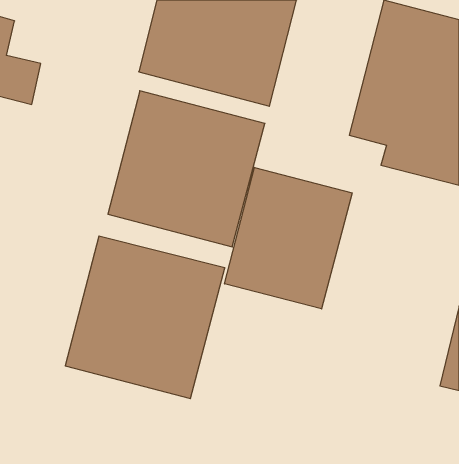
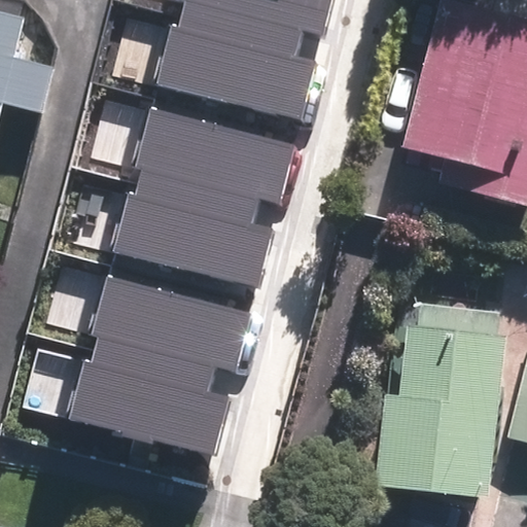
building: [225,167,352,309] -> none
building: none -> [365,306,497,497]

